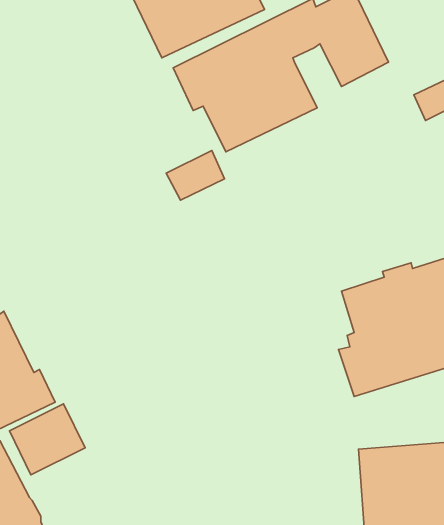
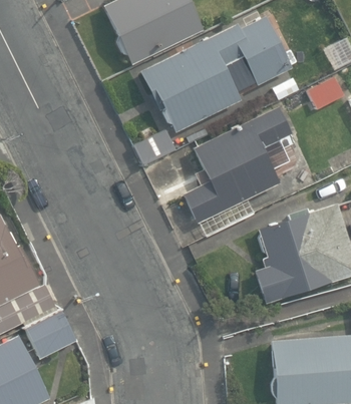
building: none -> [183,106,293,238]

